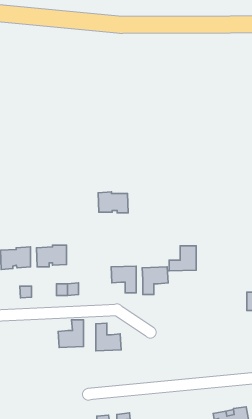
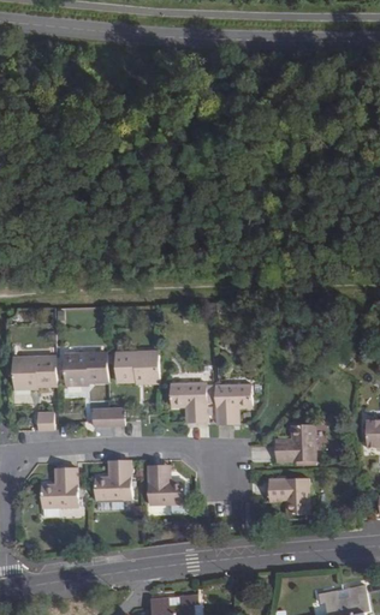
building: [98,192,128,213] -> [114,352,158,382]
building: [169,246,196,271] -> [273,425,311,461]
building: none -> [40,467,82,507]
building: none -> [266,478,305,515]

